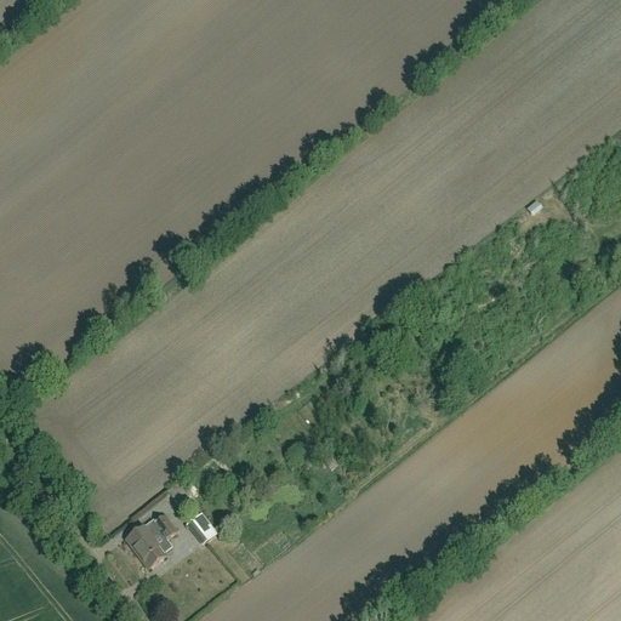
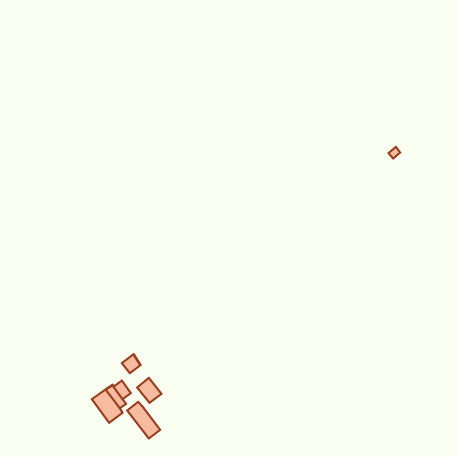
building: none -> [127,402,160,438]

